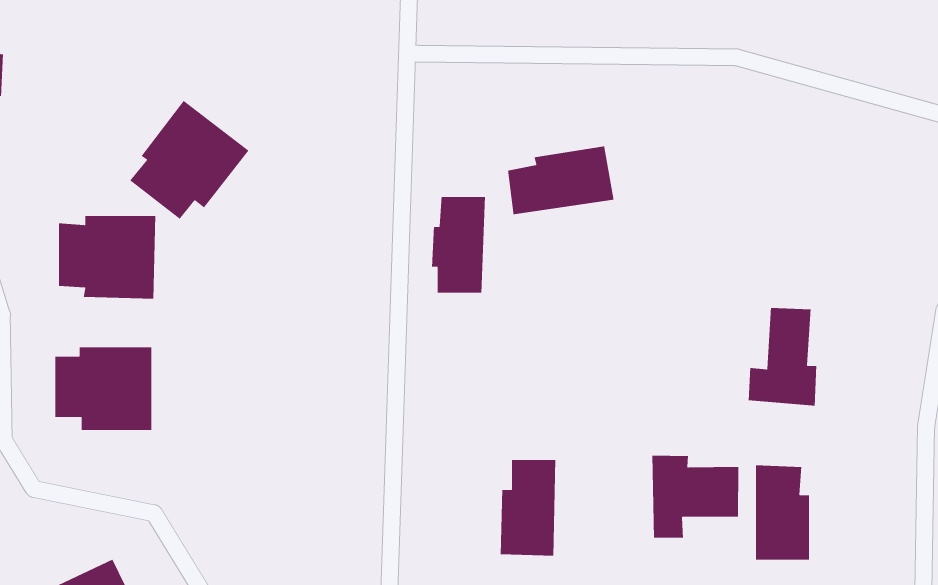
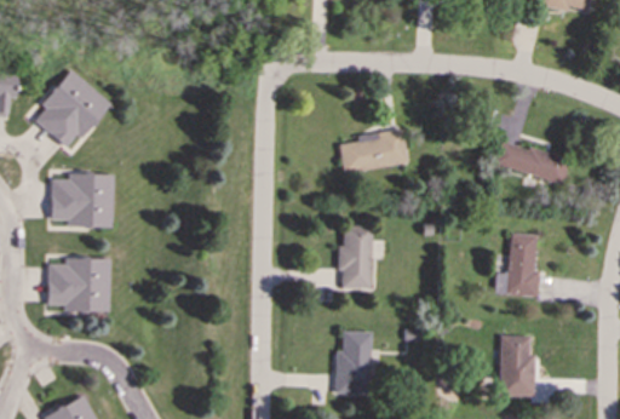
building: [129,100,249,220] -> [34,69,111,147]
building: none -> [495,140,570,183]
building: [431,196,486,294] -> [338,225,373,288]
building: [652,455,739,539] -> none

